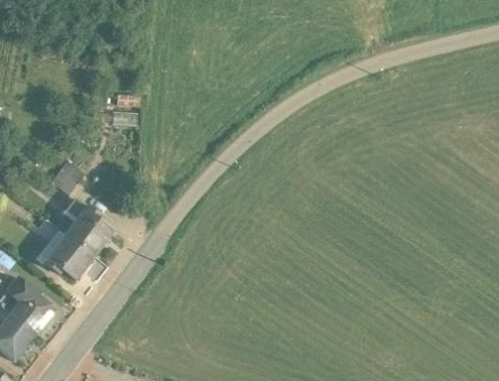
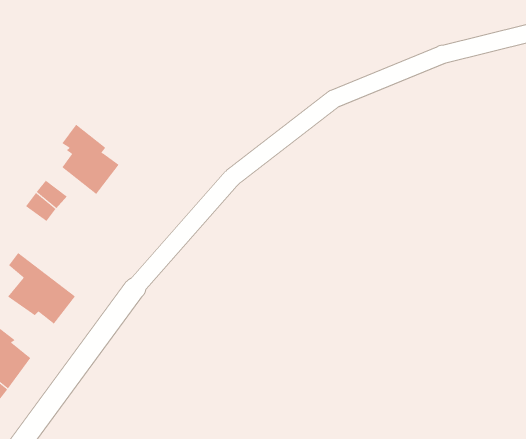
building: [64,198,112,257] -> [61,124,119,195]

